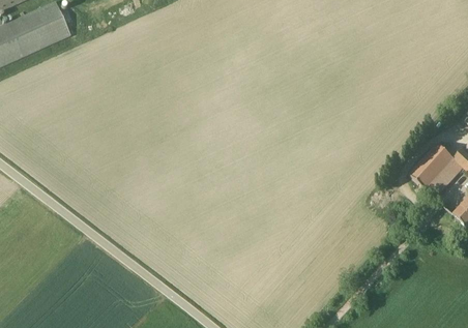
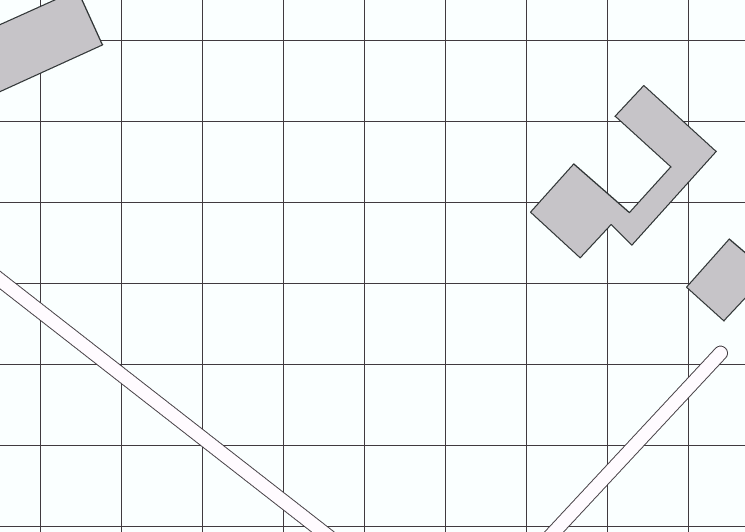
building: none -> [531,86,716,258]

